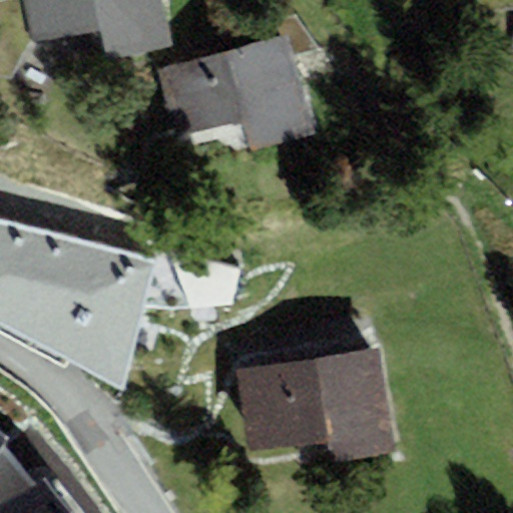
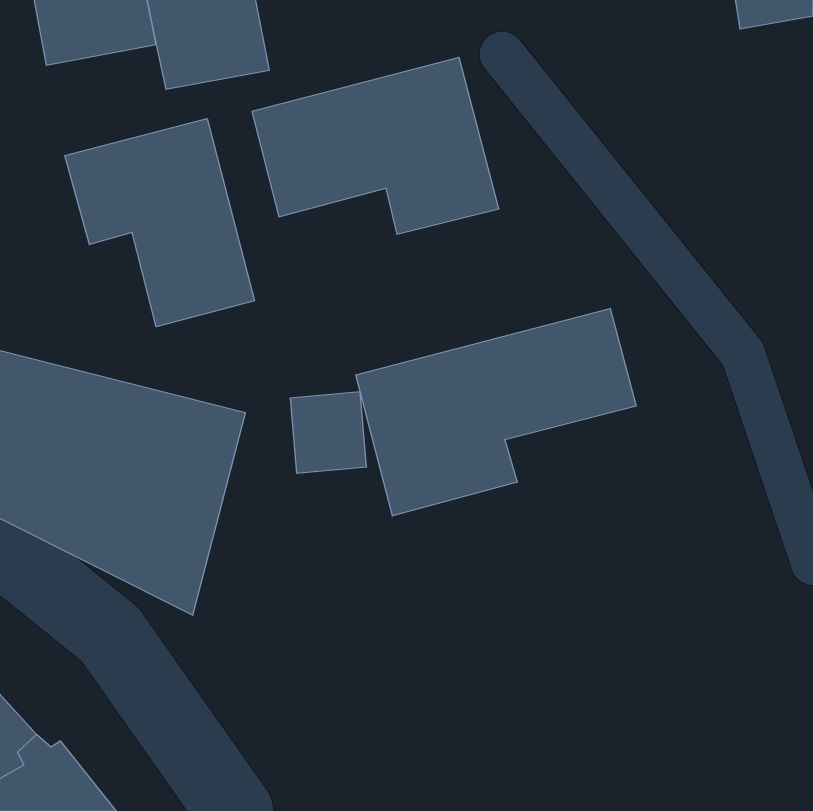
building: none -> [65,119,255,327]
building: none -> [356,308,636,516]
building: [235,347,393,461] -> none

